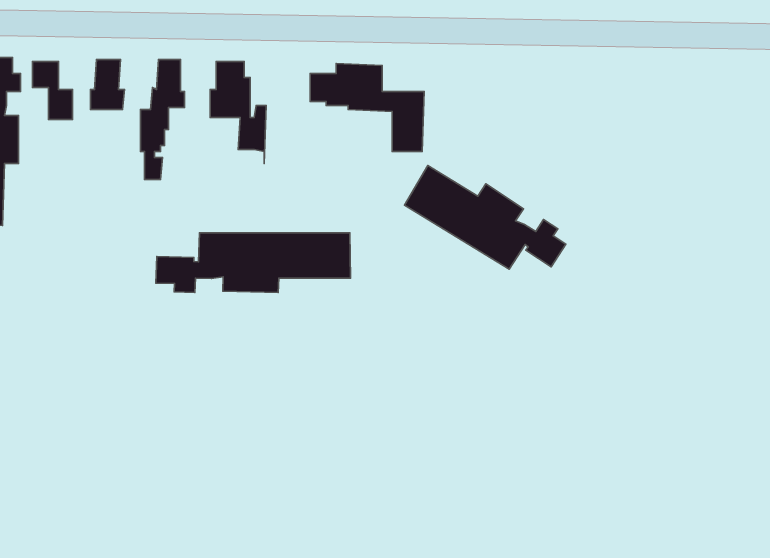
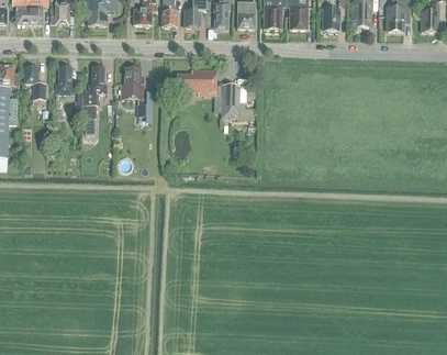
building: [404,166,566,269] -> none
building: [156,233,351,293] -> none

